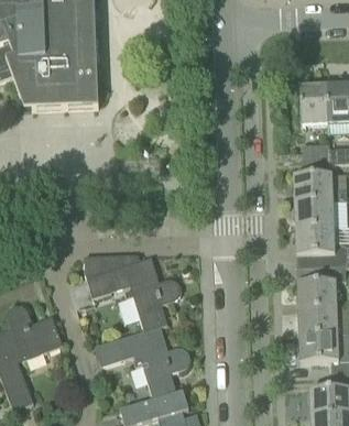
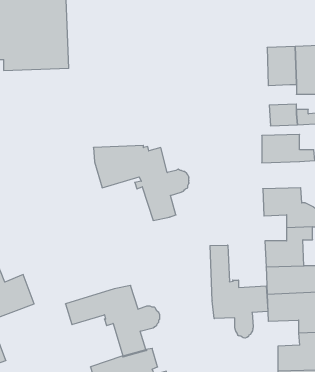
building: [293,201,332,229] -> none
building: [83,254,179,330] -> [93,145,189,220]
building: none -> [210,245,268,338]

